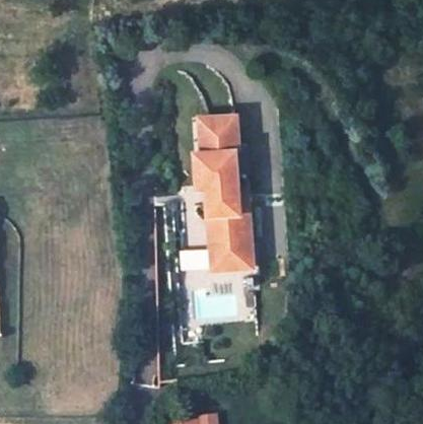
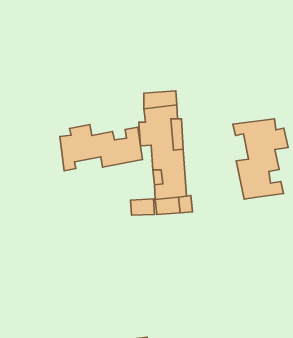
building: none -> [233,119,288,199]
building: none -> [60,125,142,171]

